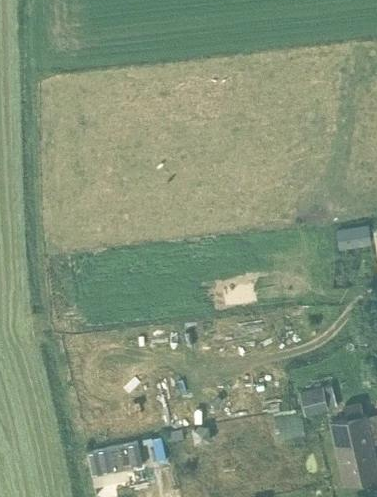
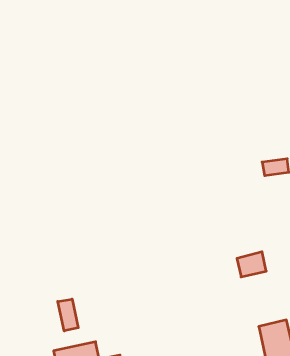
building: [301,387,336,417] -> [237,252,266,277]
building: none -> [58,299,78,331]

